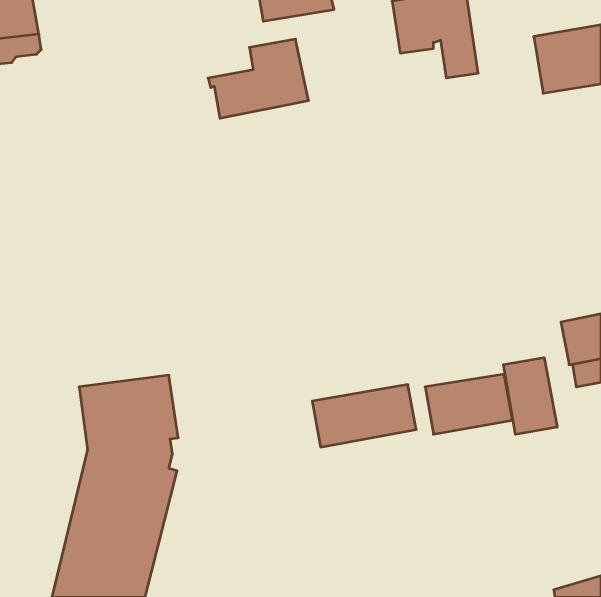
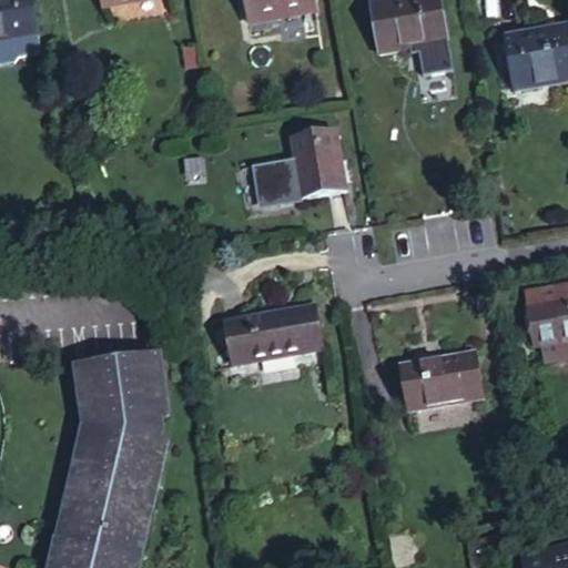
building: [208,39,309,118] -> [252,130,346,204]
building: [503,358,557,434] -> none
building: [312,385,416,447] -> [223,304,321,363]

